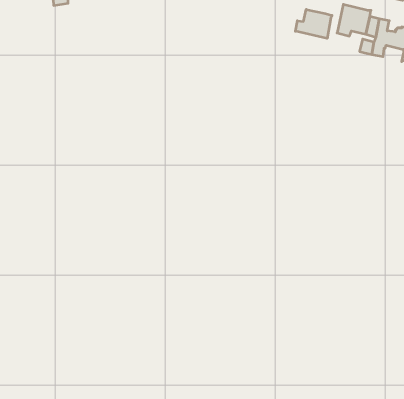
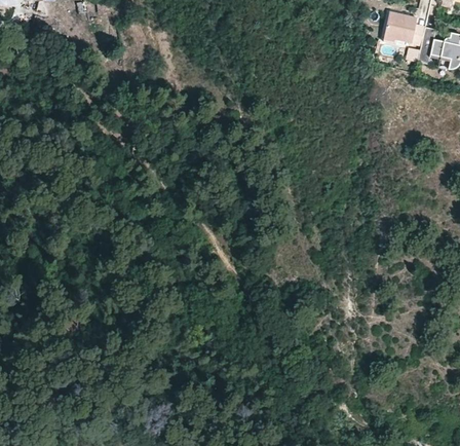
building: [295,9,332,38] -> none

